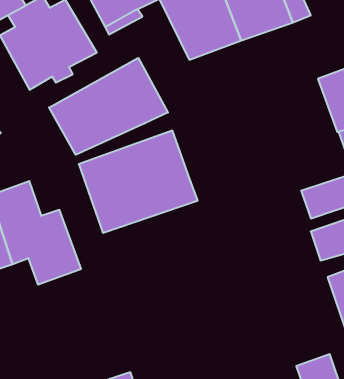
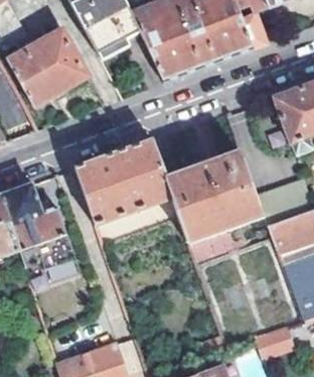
building: [49,58,168,155] -> none
building: none -> [167,156,263,241]

